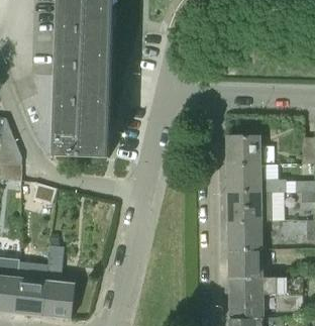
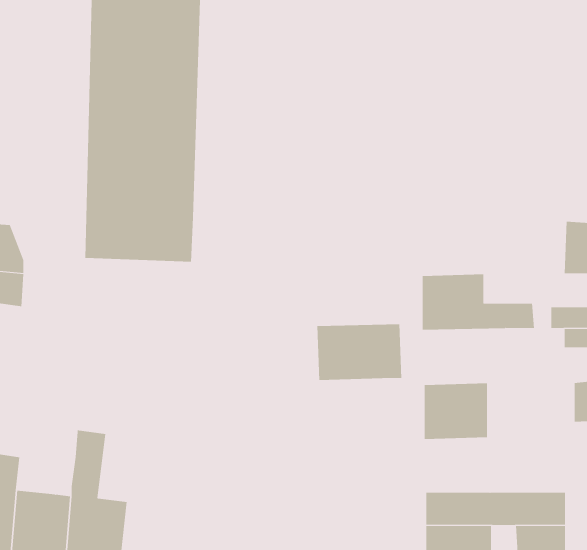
building: [226,136,259,165] -> none
building: [227,192,272,221] -> [316,324,402,381]
building: [228,248,262,277] -> none

